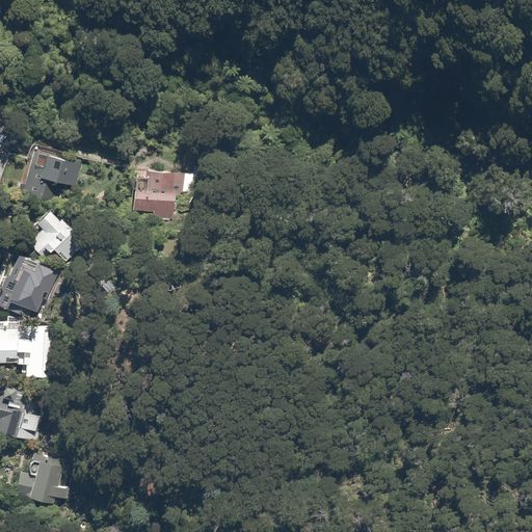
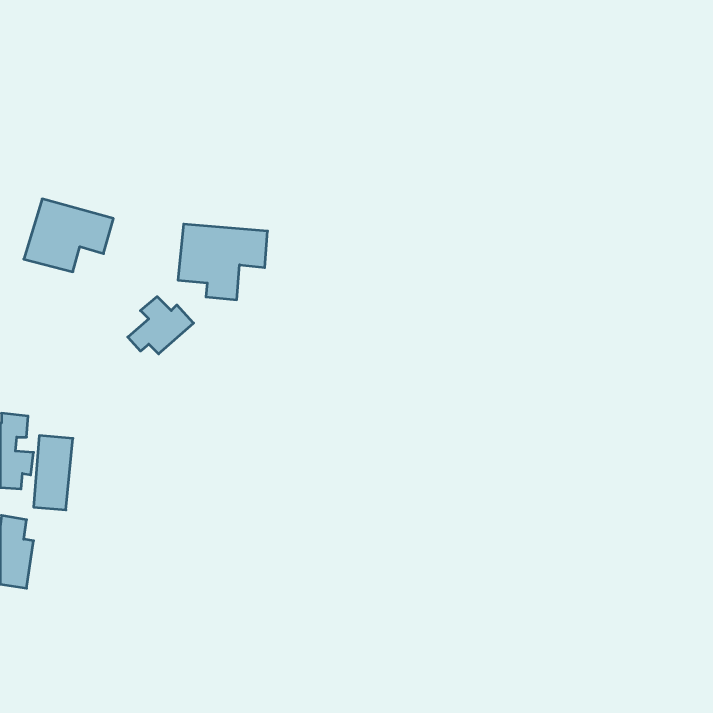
building: [28,212,77,255] -> [128,297,194,354]
building: [8,258,52,312] -> none
building: [17,456,62,505] -> none

